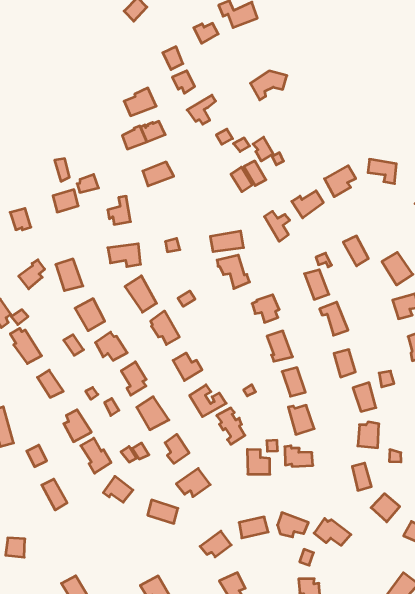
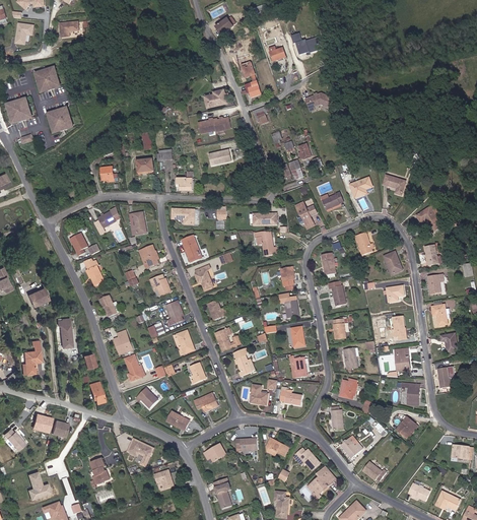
building: none -> [308,466,337,500]
building: none -> [124,438,152,467]

